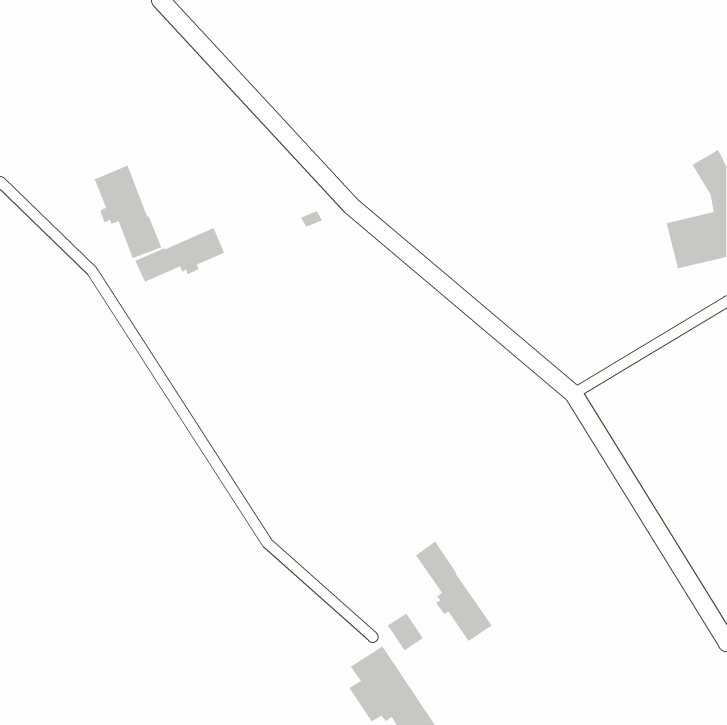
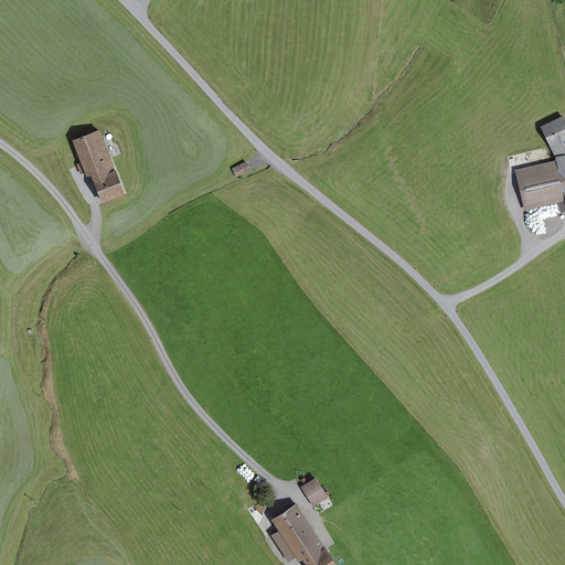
building: [134,227,225,283] -> none
building: [415,541,492,642] -> none

